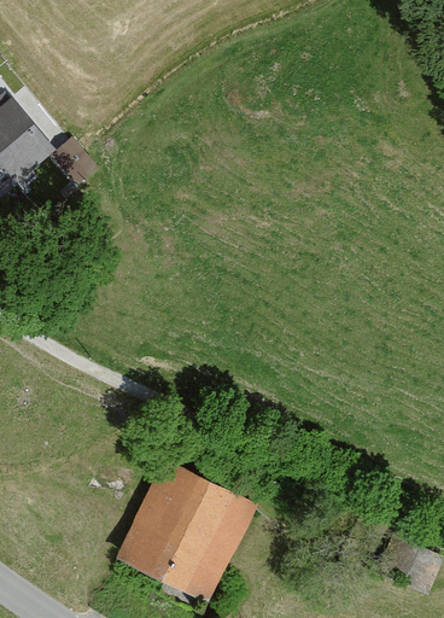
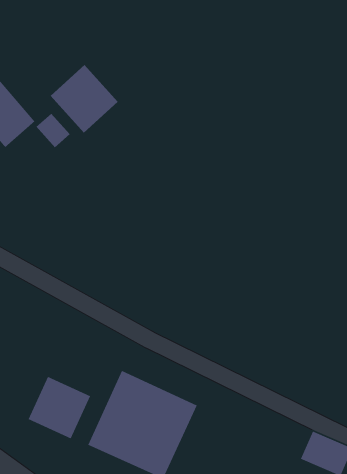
building: none -> [50,64,118,134]
building: none -> [28,376,91,440]

